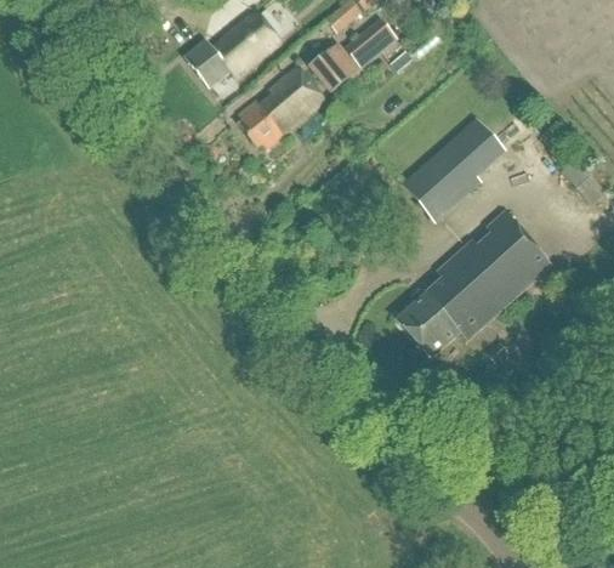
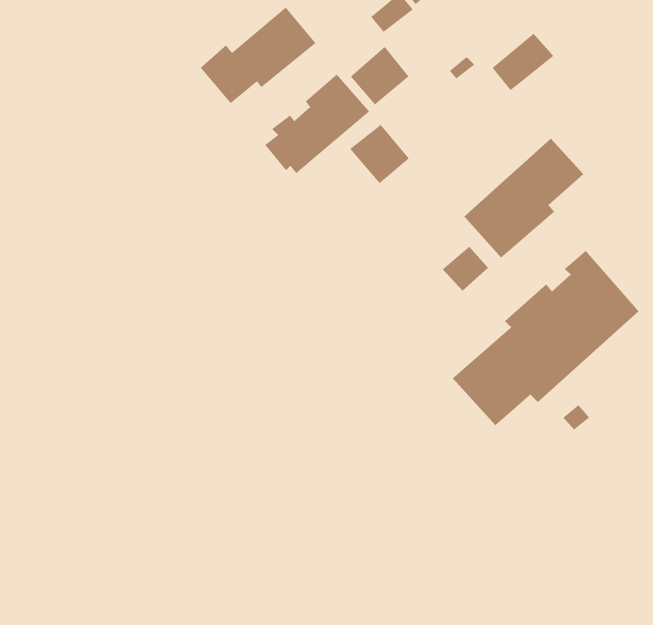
building: [346,16,398,64] -> [491,33,554,91]
building: none -> [349,124,410,184]
building: none -> [442,246,489,292]

